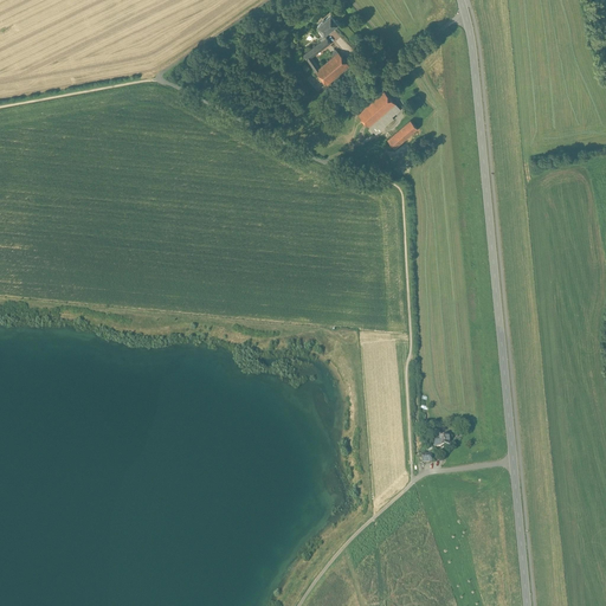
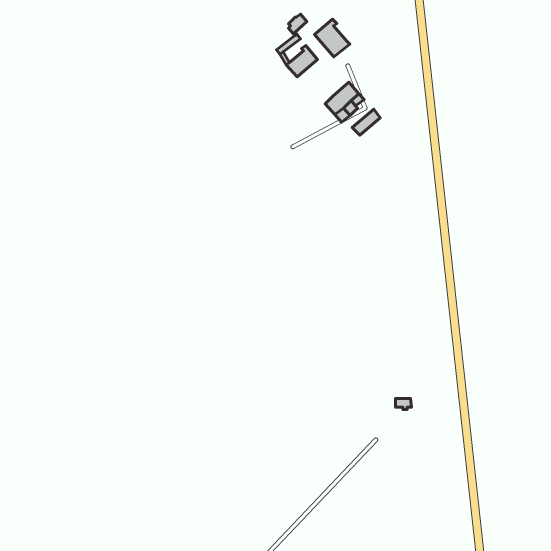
building: none -> [315,19,350,57]

